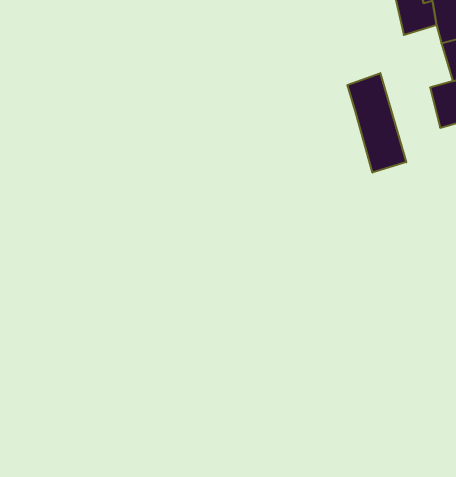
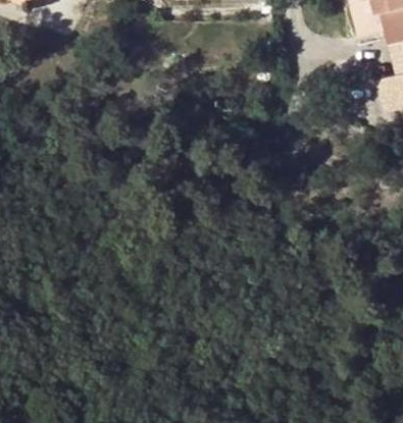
building: [347,73,406,173] -> none

